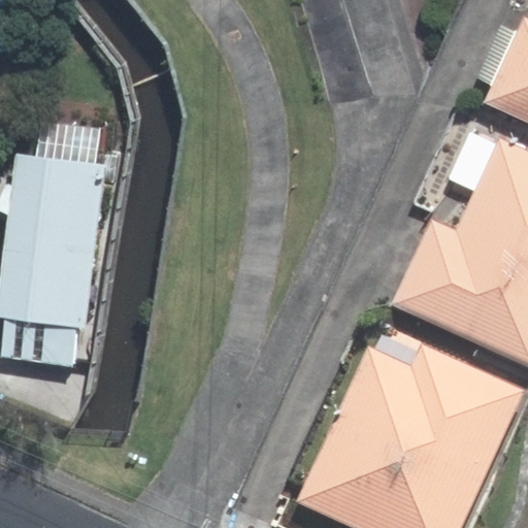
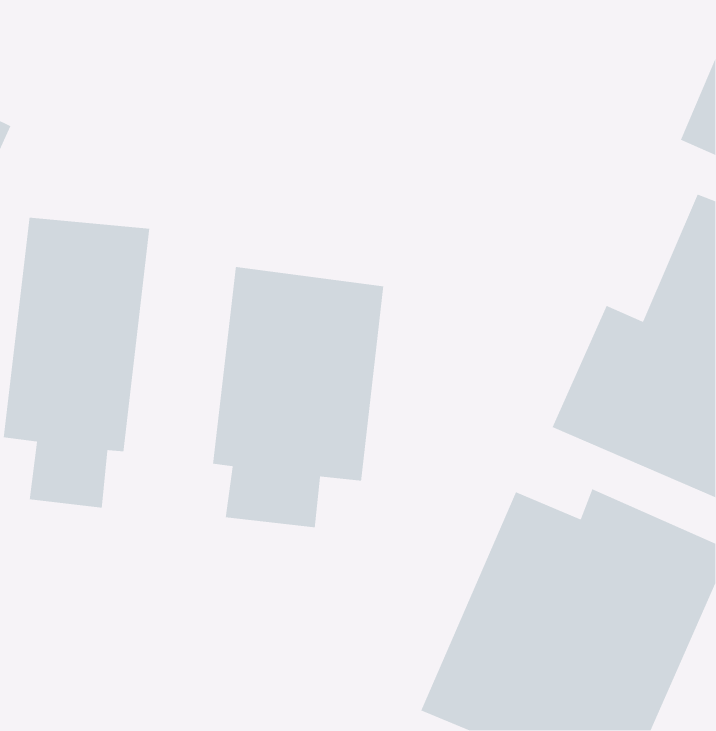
building: none -> [212,266,384,528]

